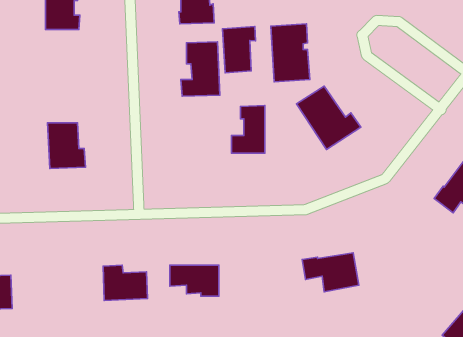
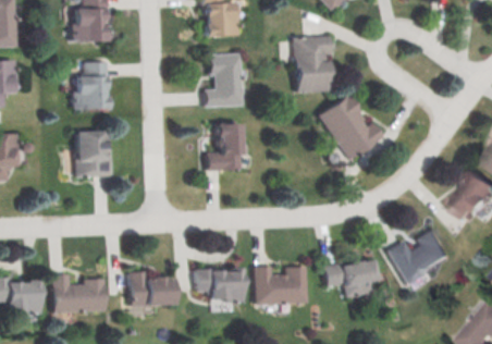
building: [222,26,255,73] -> none
building: none -> [74,62,111,108]
building: [232,105,265,153] -> [210,123,243,170]
building: none -> [390,228,456,284]
building: none -> [256,266,309,305]
building: none -> [54,273,106,312]

